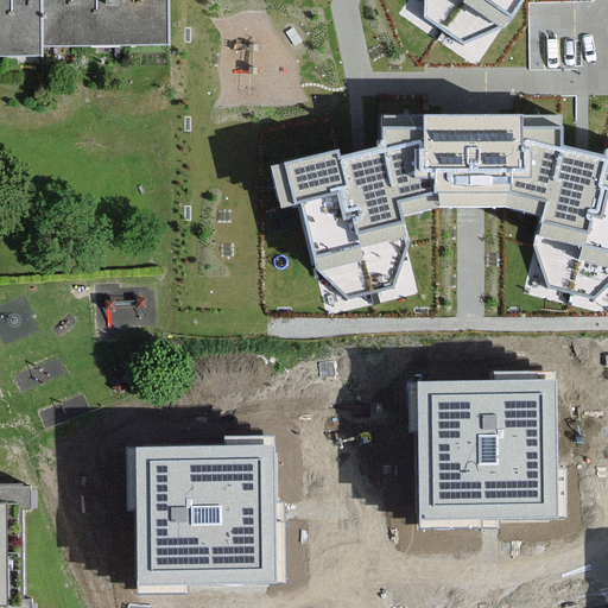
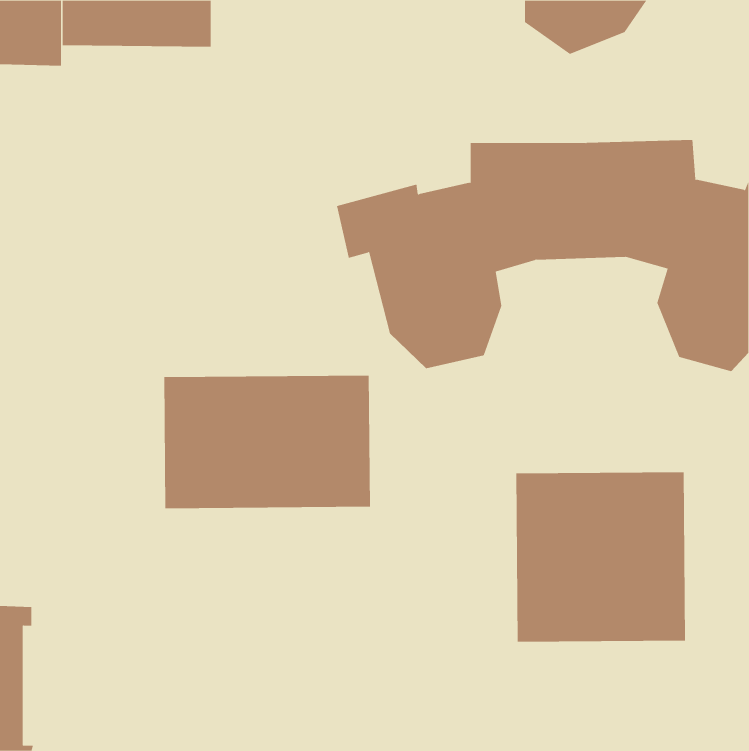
building: none -> [164,375,370,509]
building: [138,445,276,584] -> none

